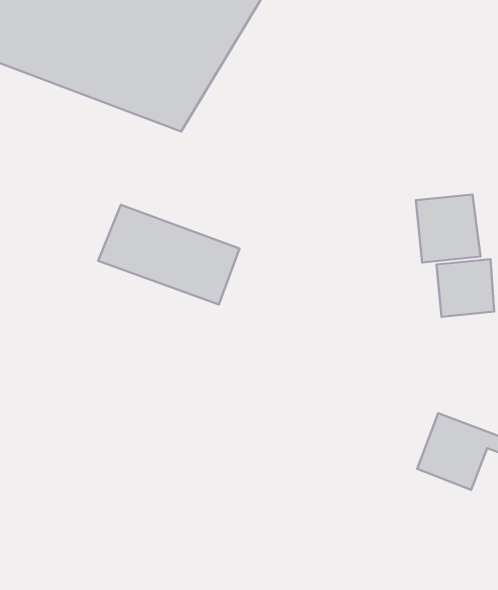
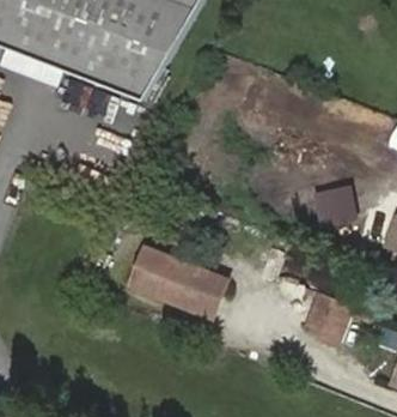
building: [416,194,481,262] -> none
building: [98,205,240,304] -> [120,248,216,316]

